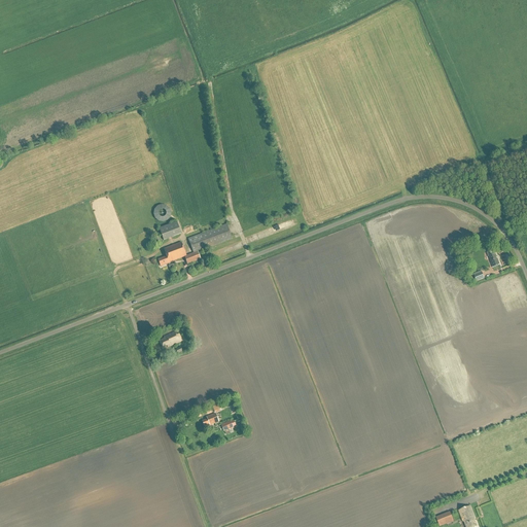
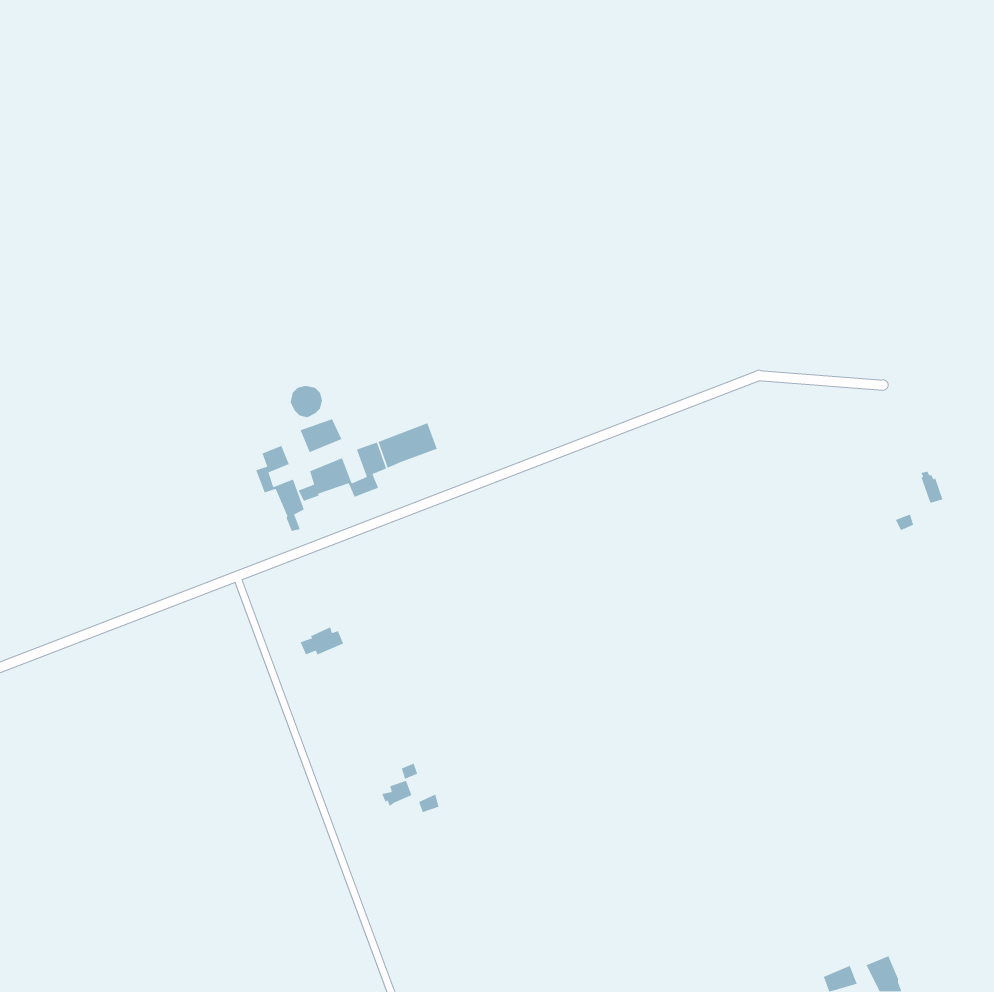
building: none -> [255,445,305,532]

